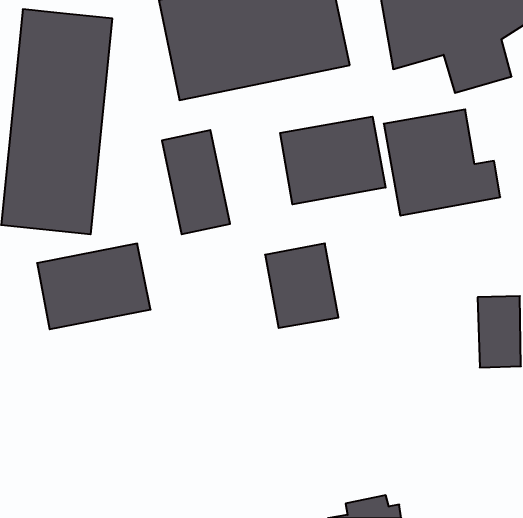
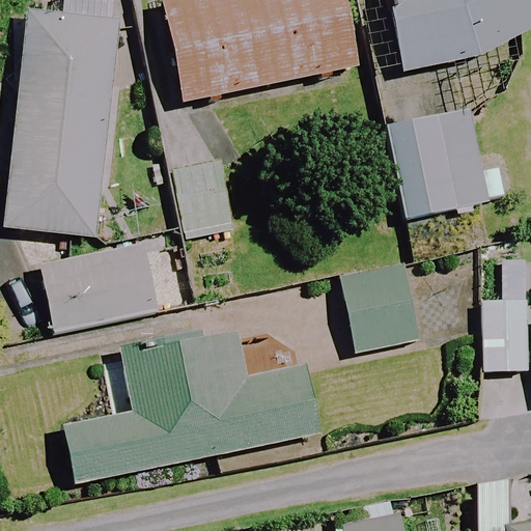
building: [280,117,386,204] -> none
building: [265,243,338,328] -> [343,267,417,352]
building: none -> [64,343,318,483]

